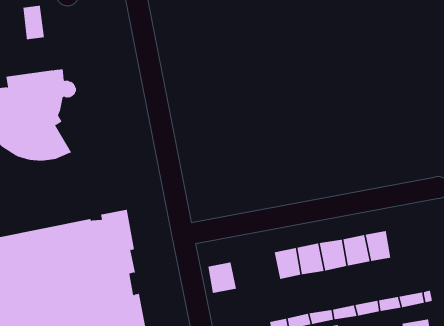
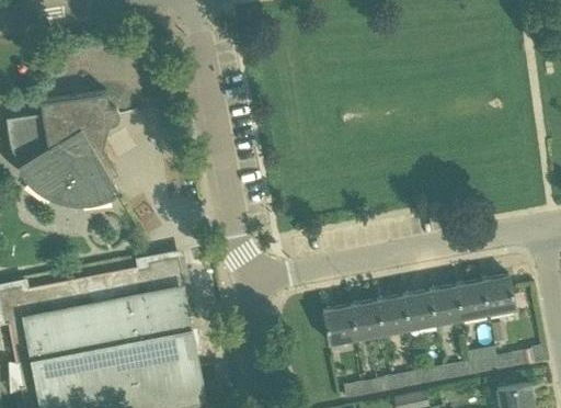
building: [23,5,45,40] -> none
building: none -> [483,276,516,314]
building: [208,262,237,294] -> [324,307,358,344]

